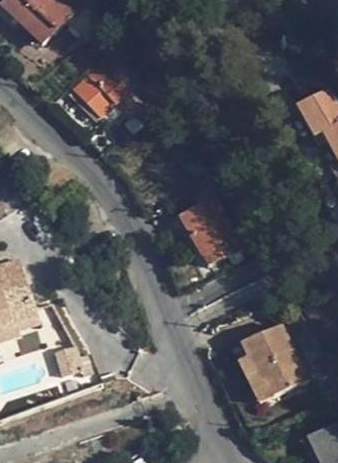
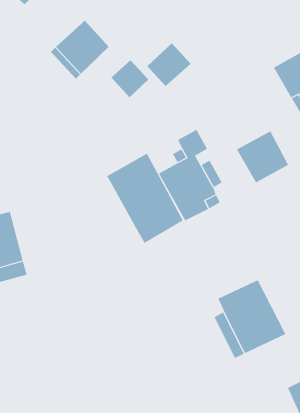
building: none -> [147,42,191,87]
building: none -> [236,130,289,183]
building: none -> [107,153,183,244]

